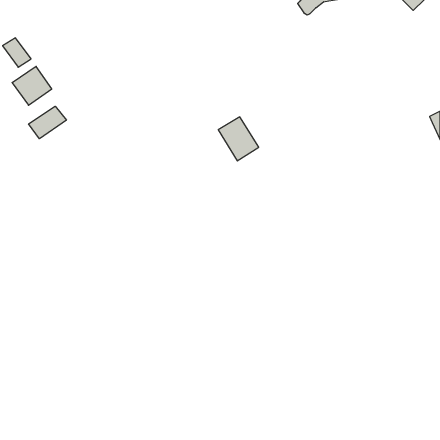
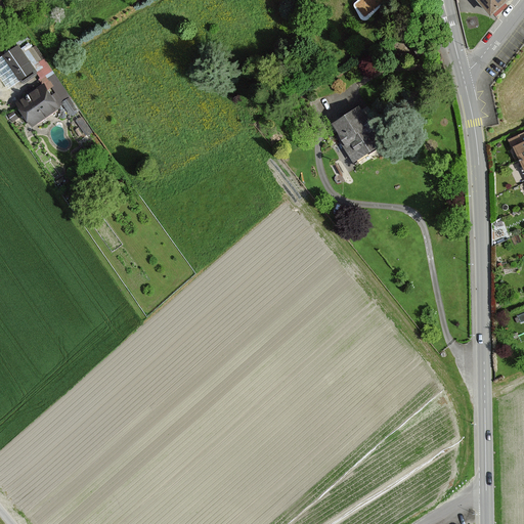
building: [29,106,66,139] -> none
building: [218,117,259,161] -> [333,107,381,160]

